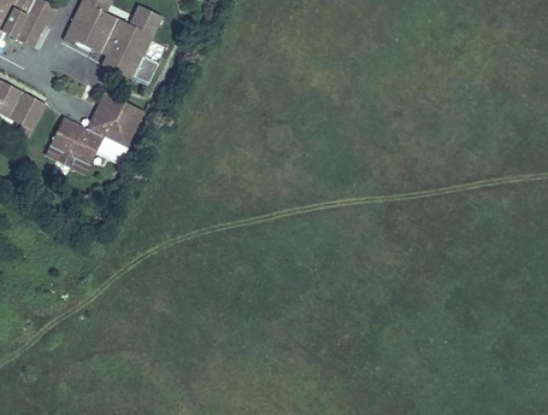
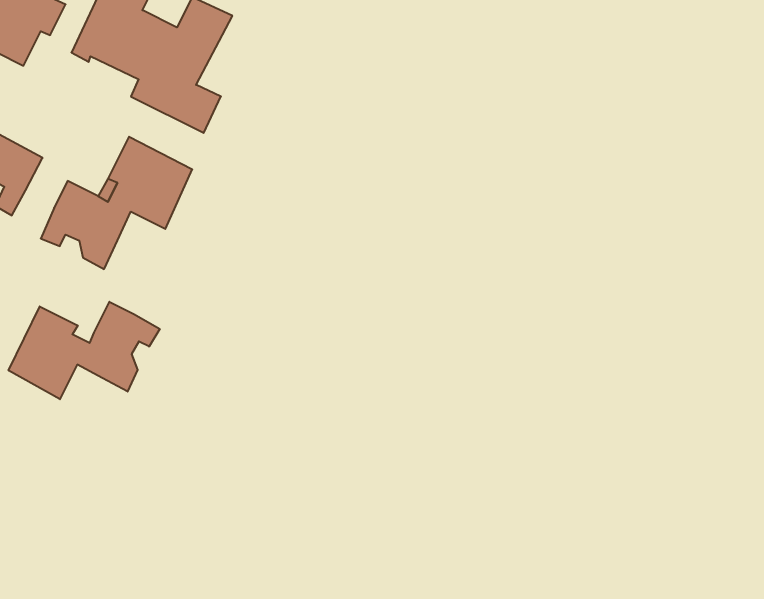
building: none -> [9,302,160,399]

